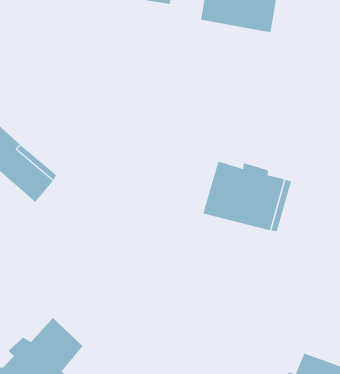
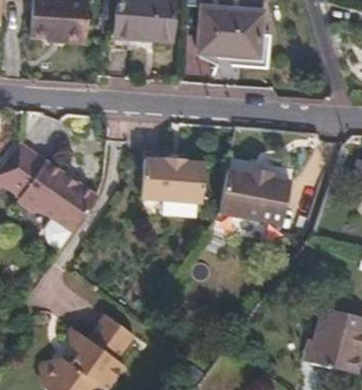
building: none -> [140,156,205,203]

